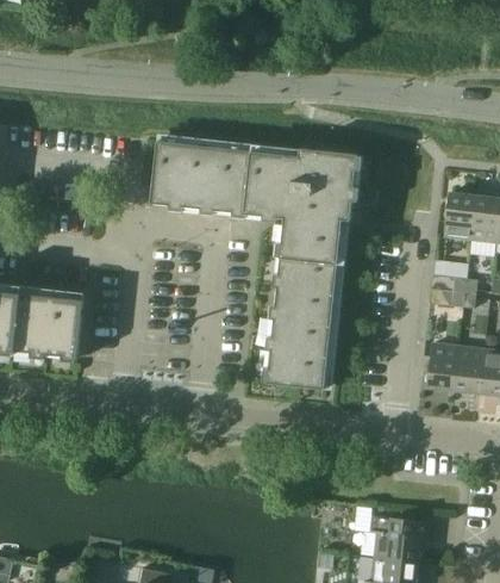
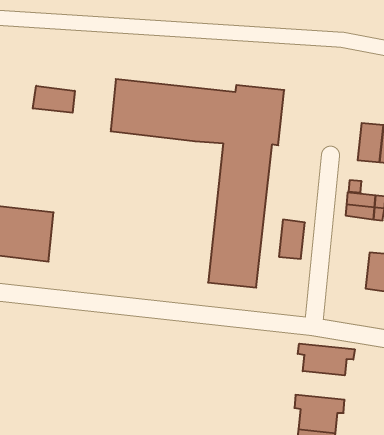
building: none -> [33,86,75,113]
building: [429,342,460,389] -> [279,220,305,259]
building: none -> [298,344,355,375]

